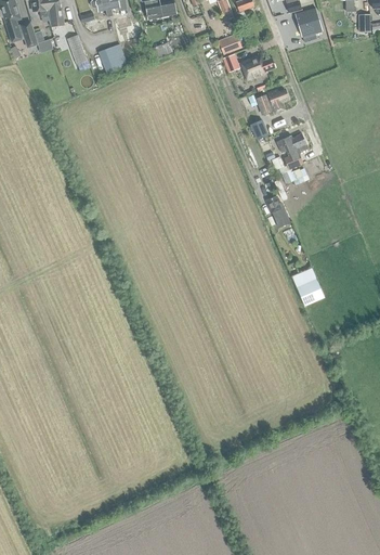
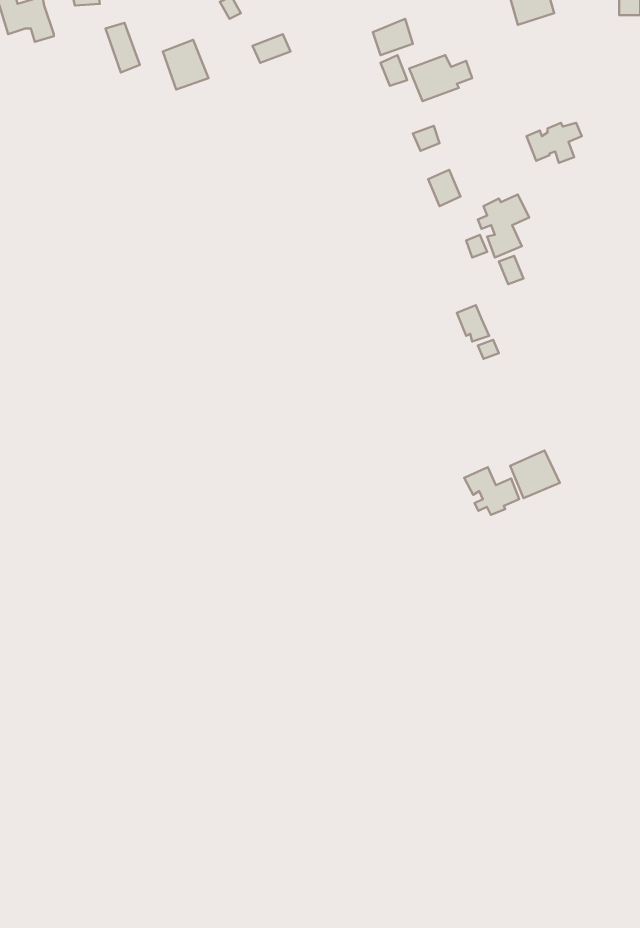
building: [257,89,288,112] -> [527,123,582,163]
building: none -> [464,467,519,515]

